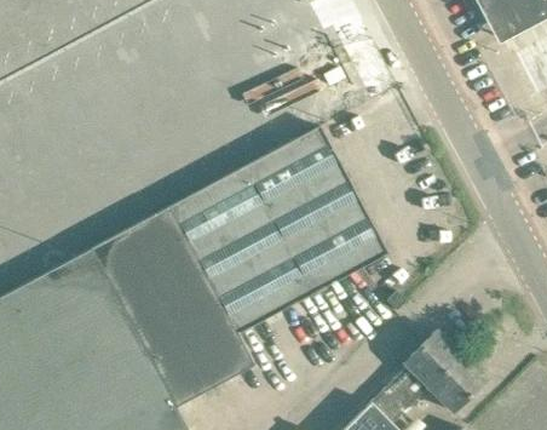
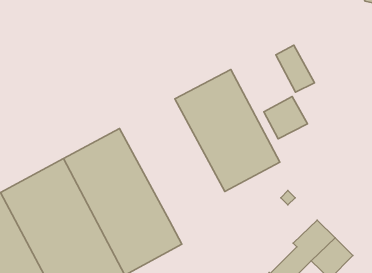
building: none -> [276,45,314,92]
building: none -> [264,97,308,139]
building: [167,166,310,332] -> none

